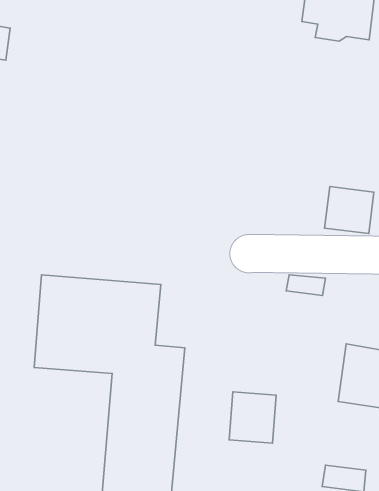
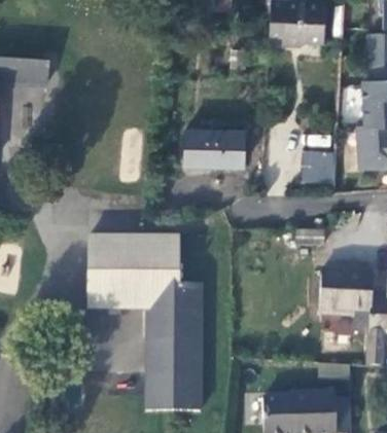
building: none -> [185,129,245,165]
building: [229,392,276,443] -> none

